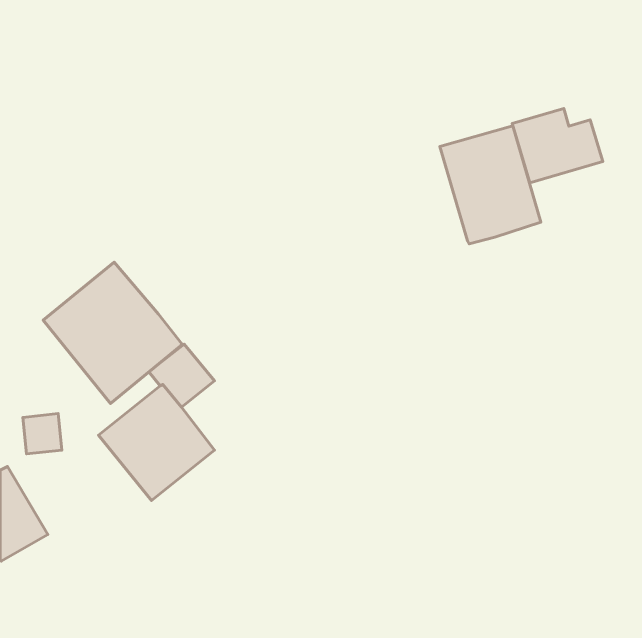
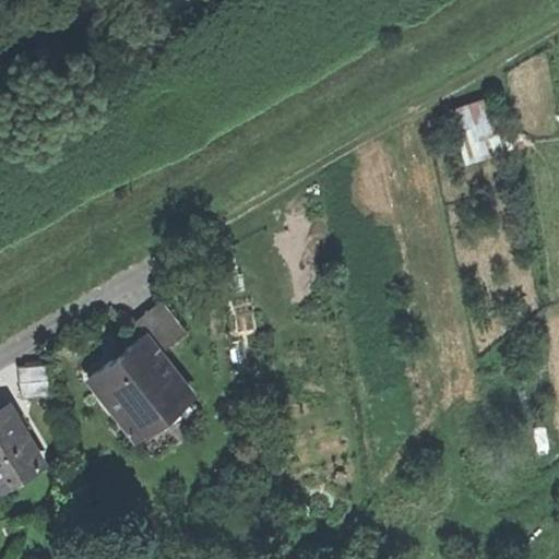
building: [440,126,541,244] -> none
building: [43,262,182,403] -> none

